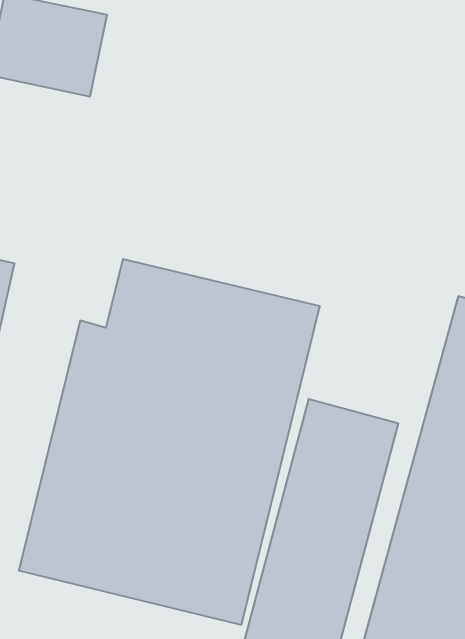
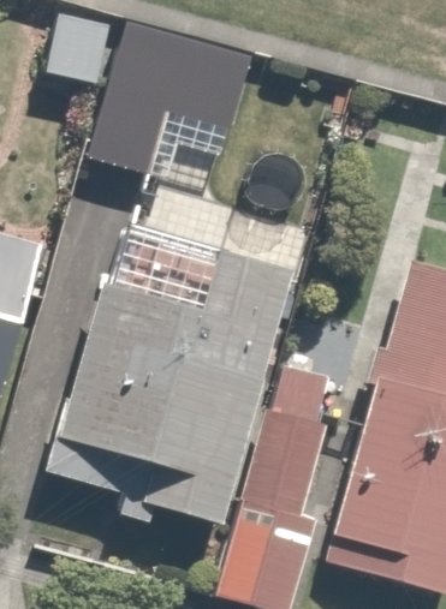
building: none -> [90,25,249,171]

